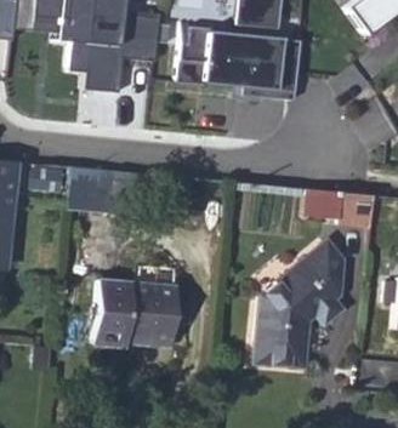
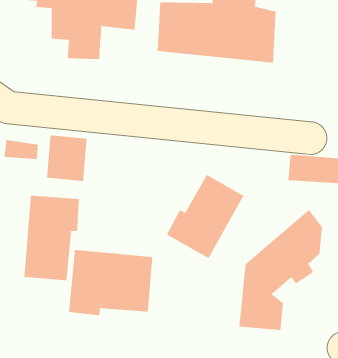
building: none -> [166,174,244,259]
building: none -> [23,195,80,281]

